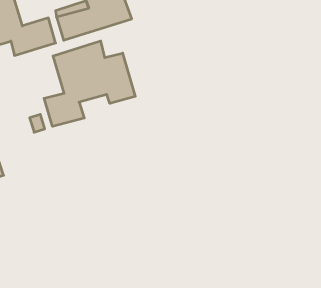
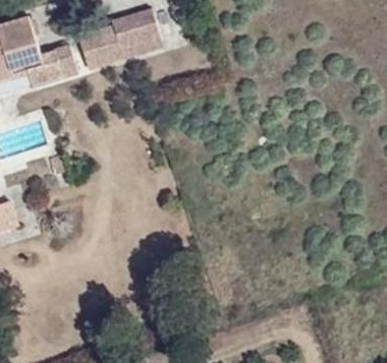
building: [44,41,135,126] -> none

